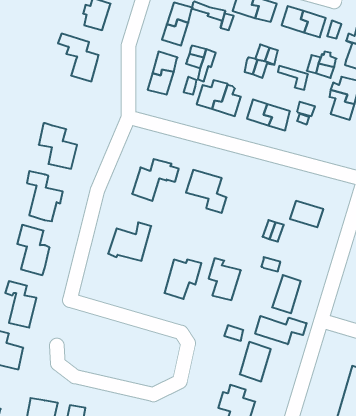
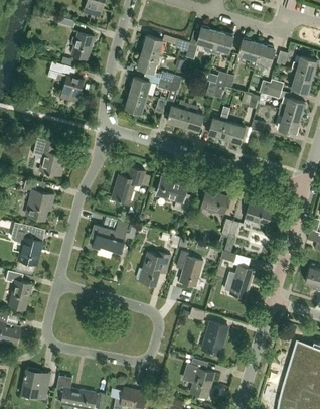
building: none -> [200,189,229,215]
building: [255,316,307,344] -> none

